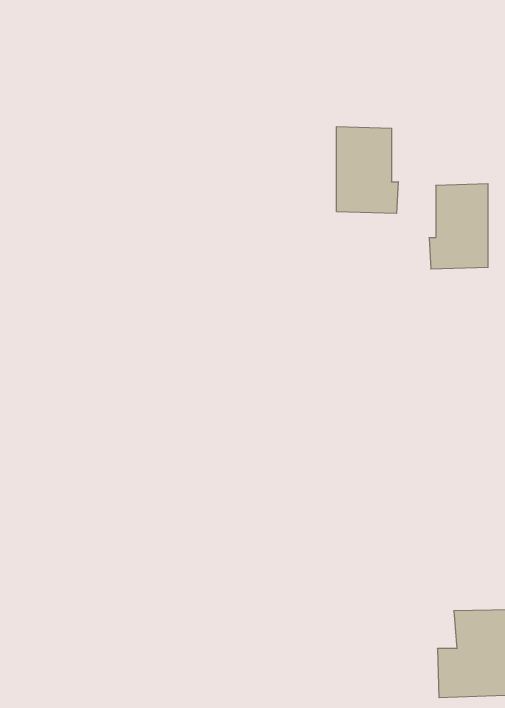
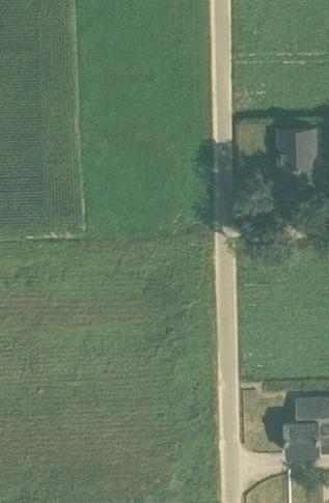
building: [337,127,398,213] -> none

